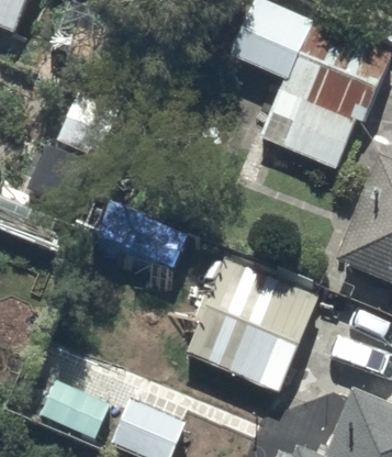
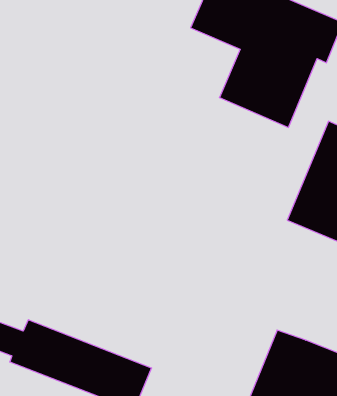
building: [184,258,321,394] -> none

